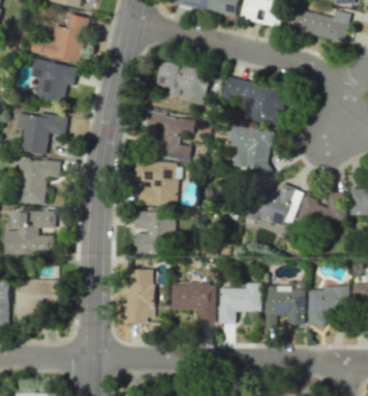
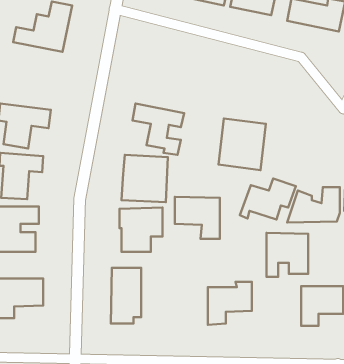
building: [31,58,78,102] -> none
building: [156,61,211,103] -> none
building: [222,75,285,126] -> none
building: [172,282,215,323] -> [175,197,220,239]
building: [265,285,305,328] -> [266,233,308,277]

